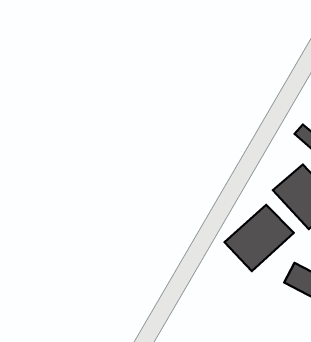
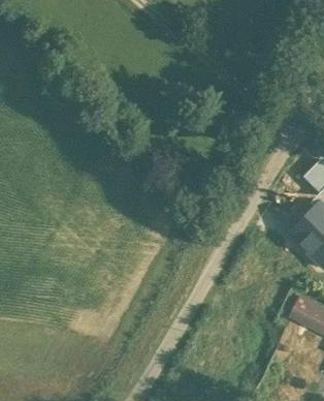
building: [225,205,294,271] -> none

